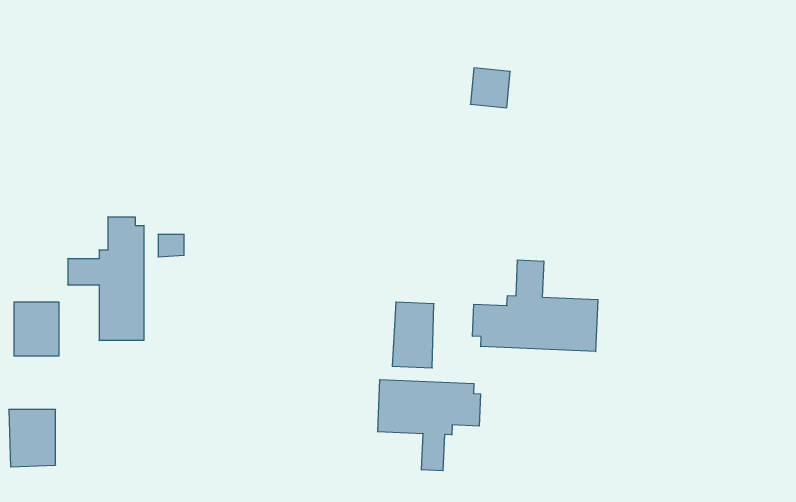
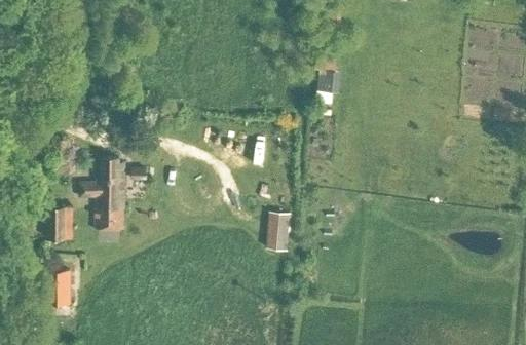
building: [472,260,598,352] -> none
building: [378,380,481,471] -> none

